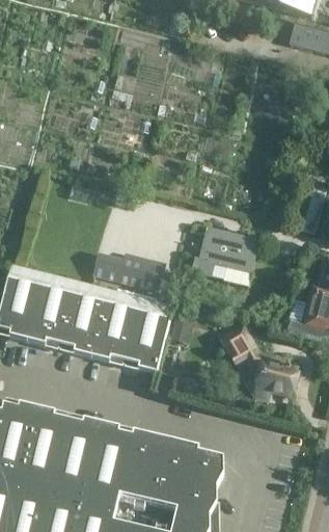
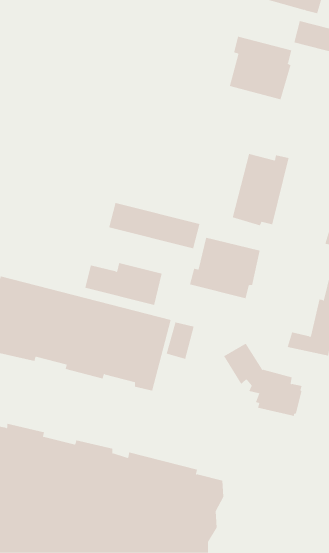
building: none -> [229,36,292,100]
building: none -> [232,153,289,226]
building: none -> [108,202,200,249]

